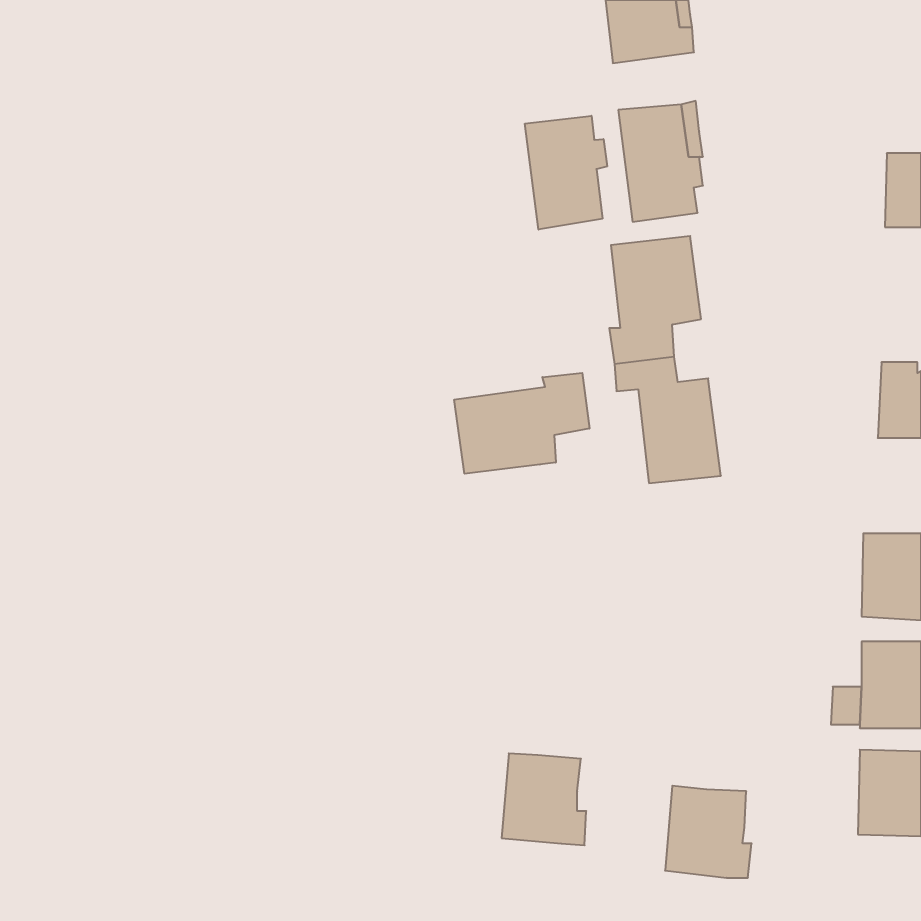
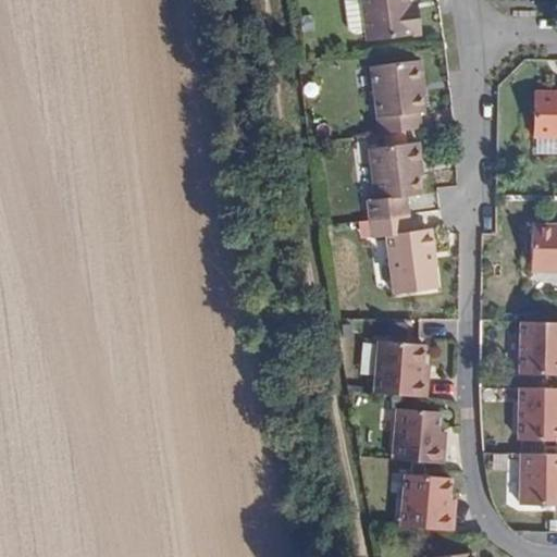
building: [525,116,607,230] -> none
building: [454,373,589,474] -> none
building: none -> [374,339,426,397]
building: [502,753,586,845] -> [392,408,443,463]

